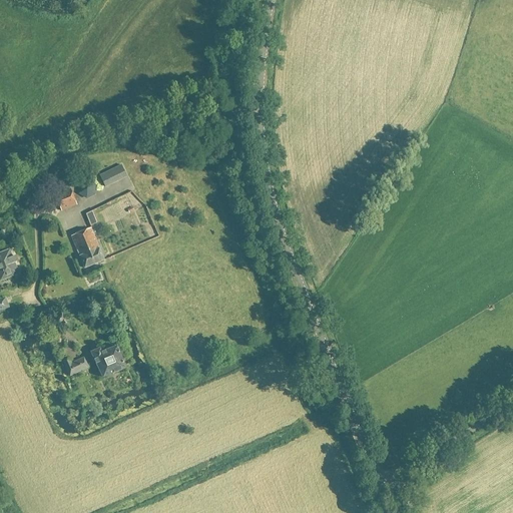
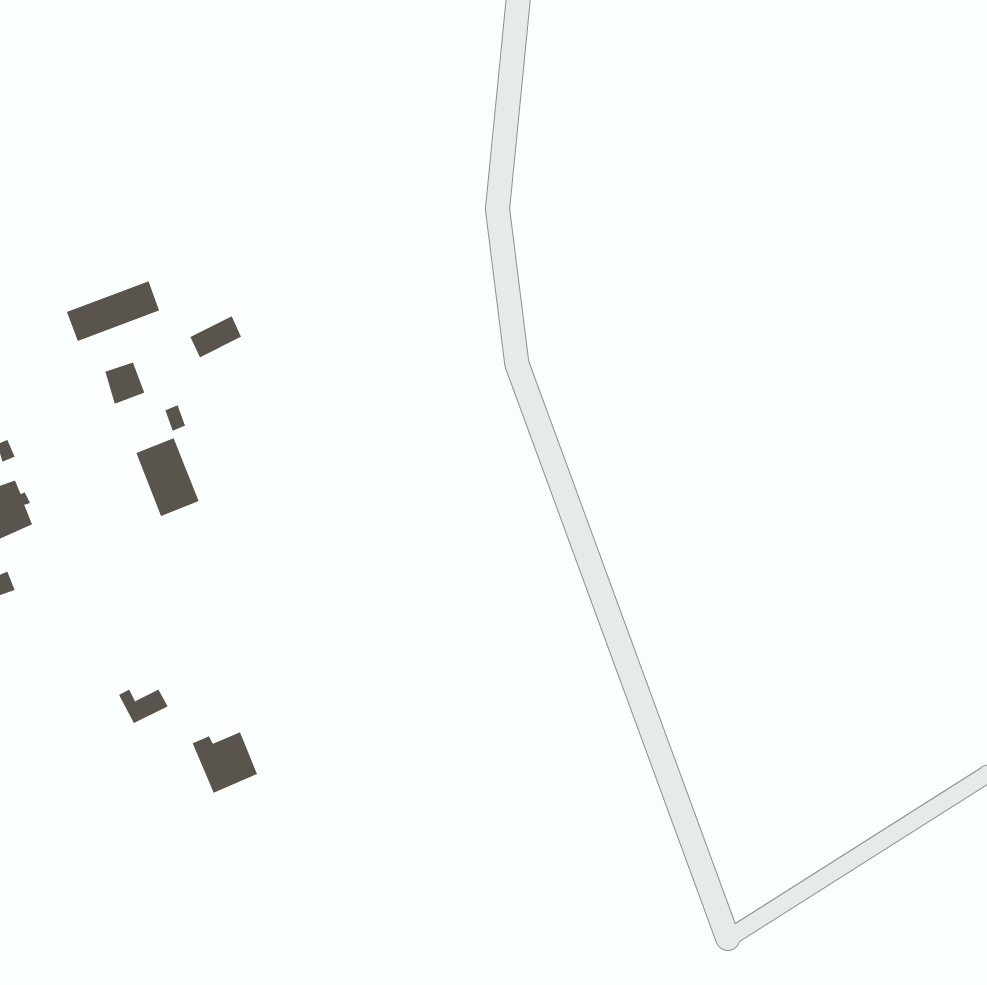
building: none -> [66,281,160,342]
building: [90,345,124,377] -> [192,732,258,793]

